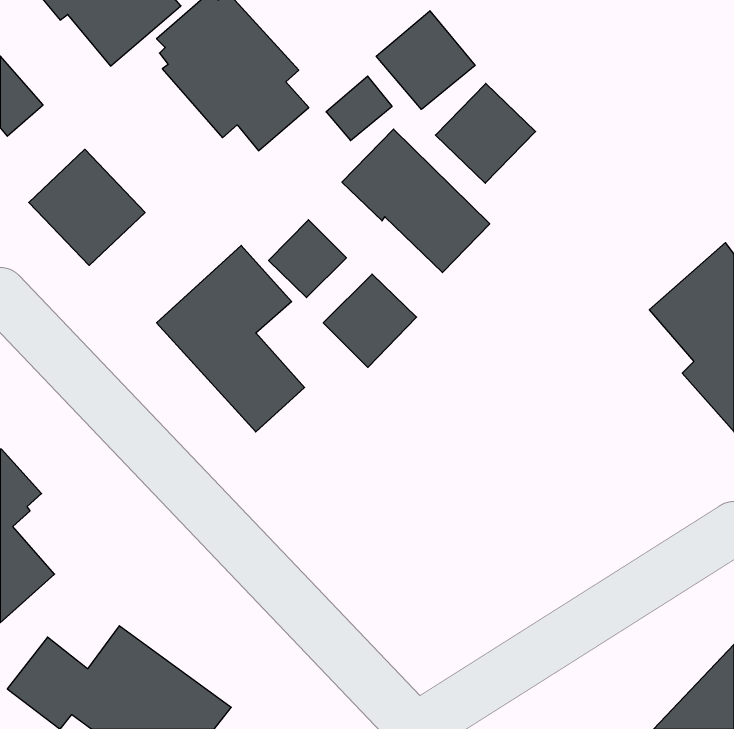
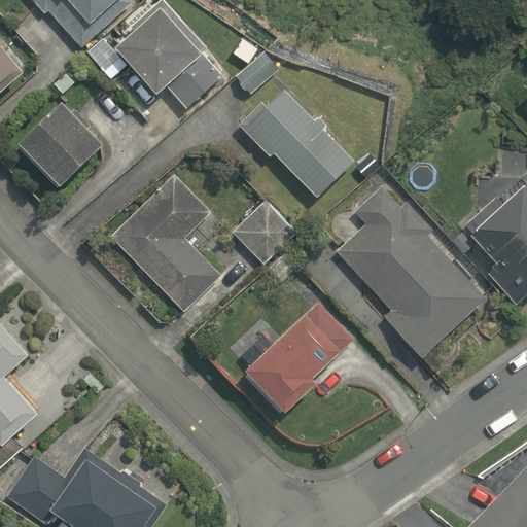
building: [376,11,475,109] -> none
building: [435,83,536,183] -> none
building: [269,220,346,298] -> none
building: none -> [338,194,487,360]
building: none -> [247,317,342,416]

